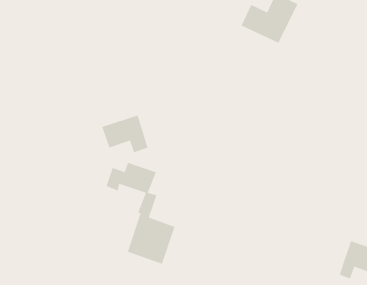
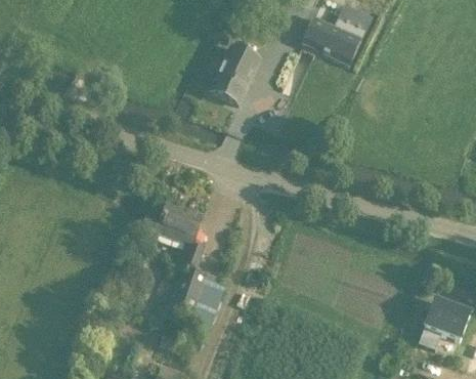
building: none -> [208,44,261,103]
building: [101,114,149,153] -> none

